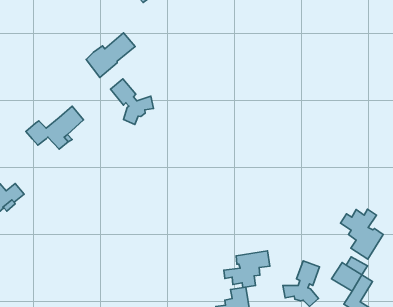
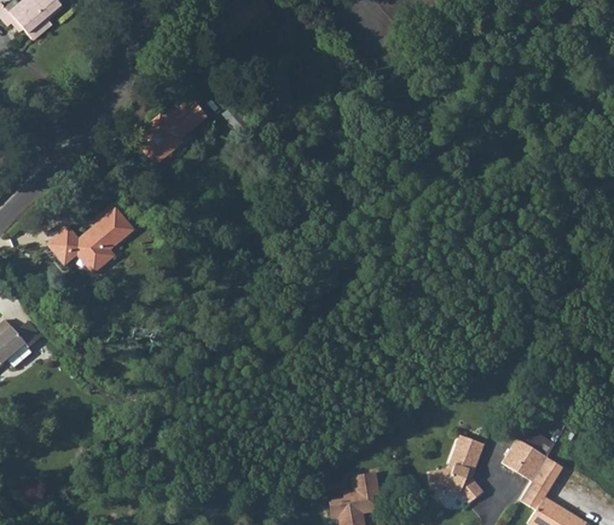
building: [110,79,153,124] -> none
building: [341,209,383,259] -> none
building: [224,251,270,288] -> none

